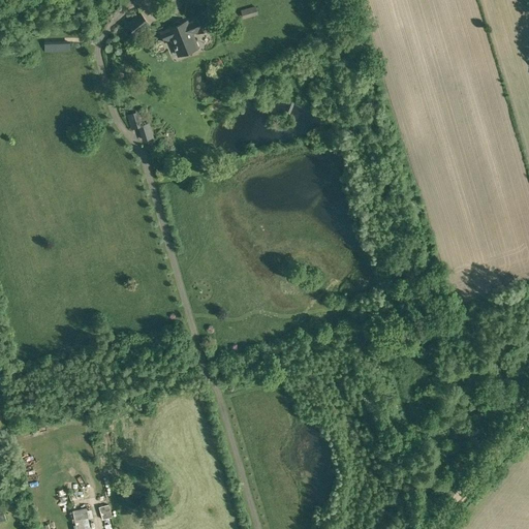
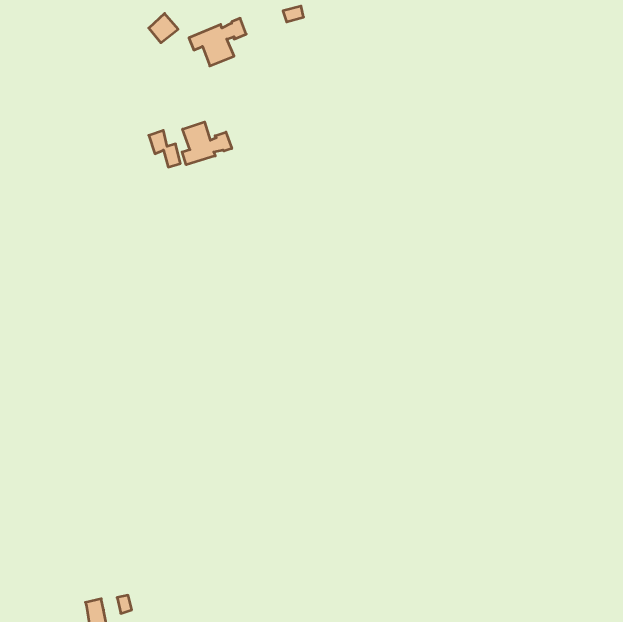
building: none -> [182,122,232,165]

